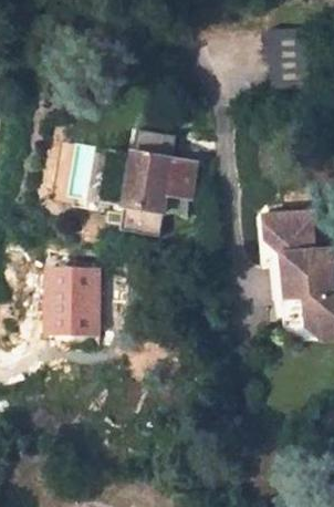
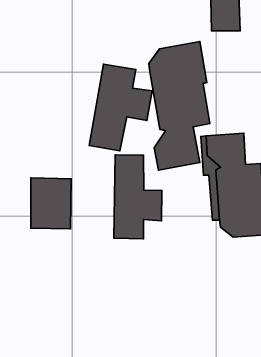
building: none -> [149,41,210,170]
building: none -> [114,155,162,239]

